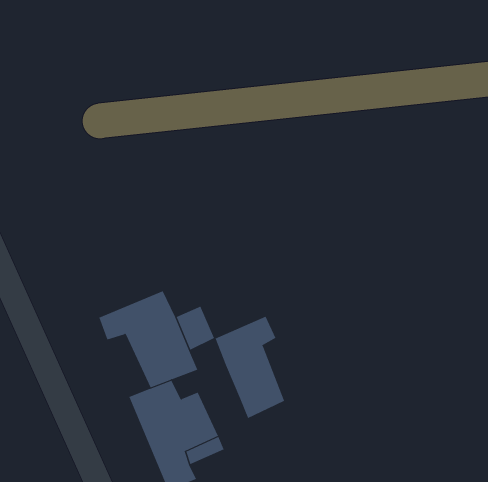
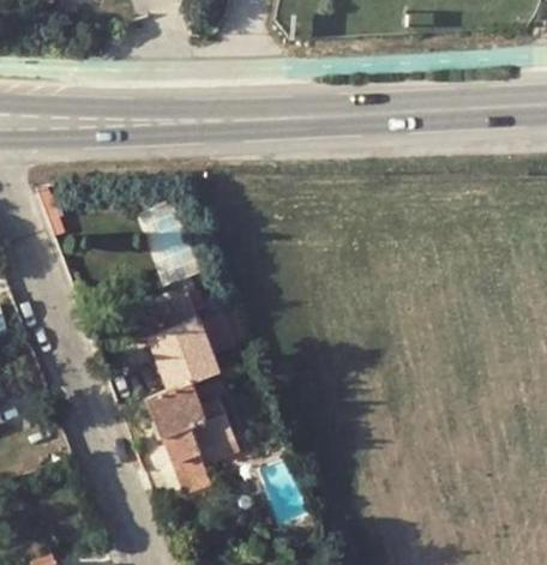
building: [215,316,285,419] -> none

